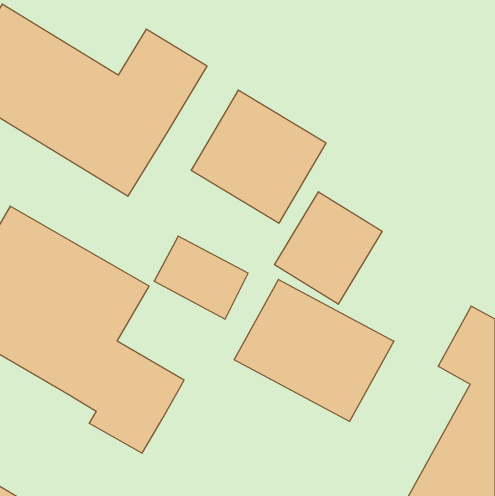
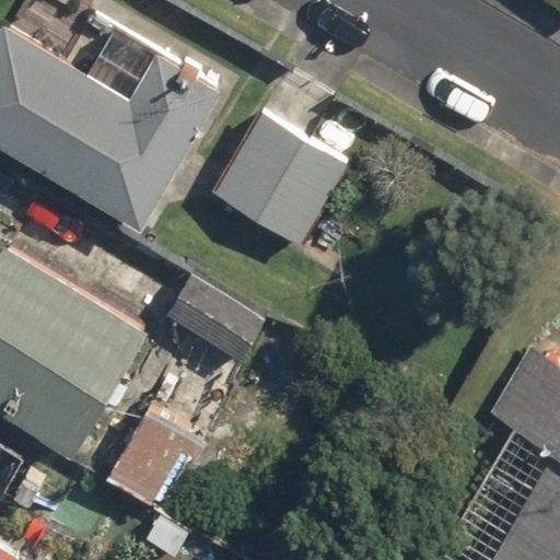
building: [275,192,382,304] -> none
building: [234,279,394,421] -> none

